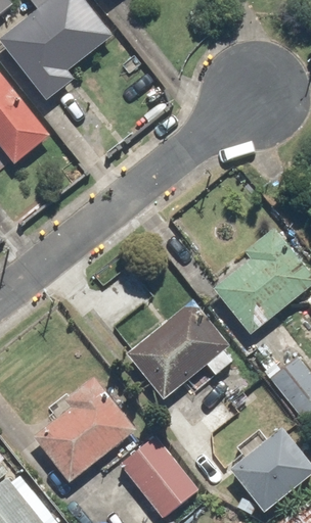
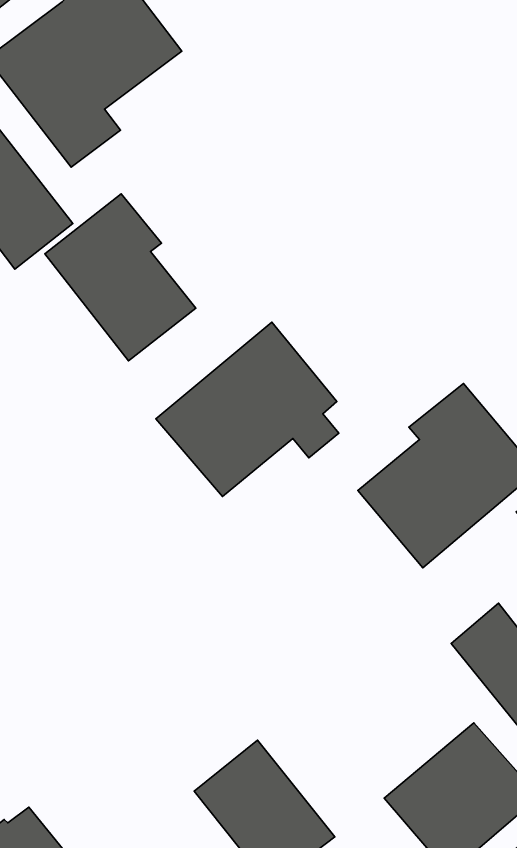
building: none -> [45,194,196,361]
building: [126,296,232,397] -> [156,322,339,496]
building: [32,375,137,482] -> none

